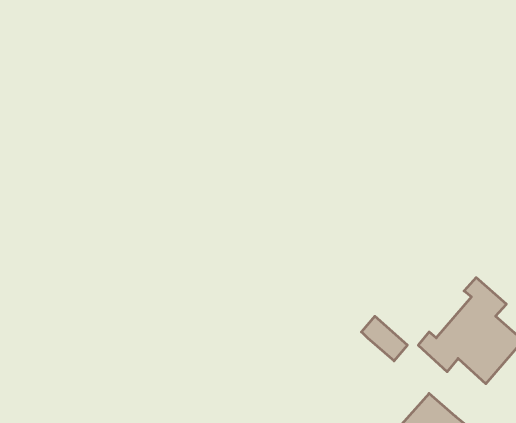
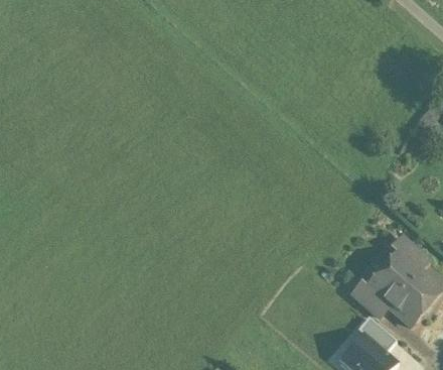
building: [361,316,407,361] -> [354,316,393,353]

